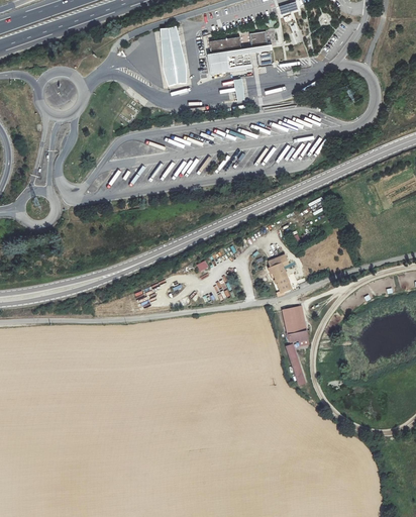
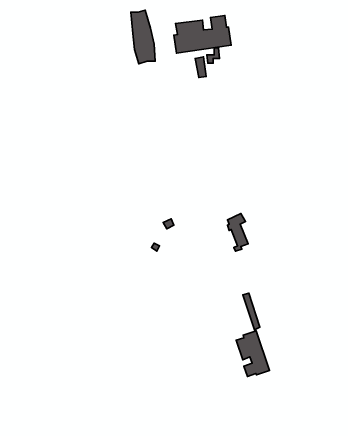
building: [282,306,309,346] -> none
building: none -> [236,331,270,376]

